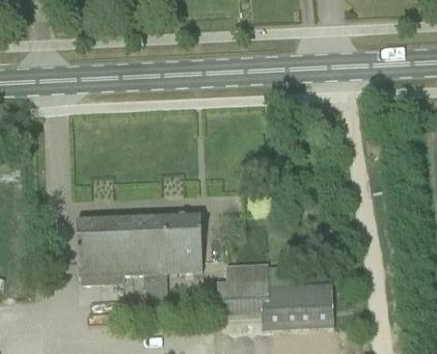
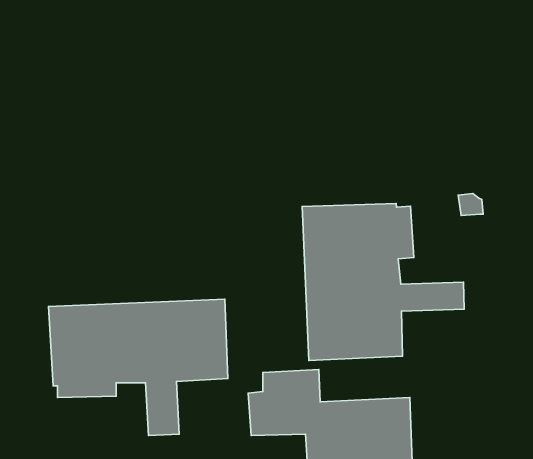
building: none -> [302,203,464,360]

